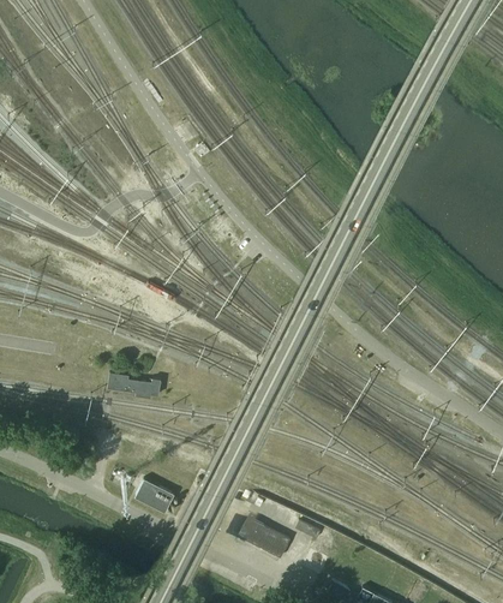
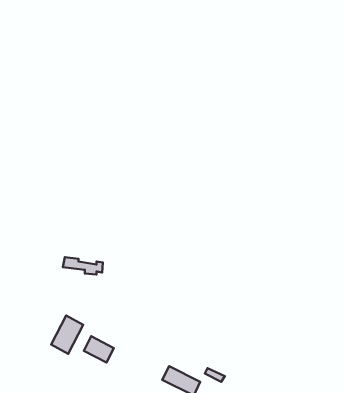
building: none -> [51,316,83,354]

